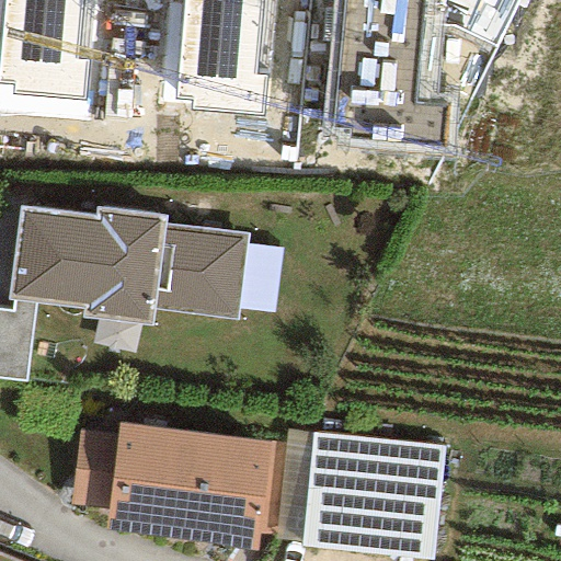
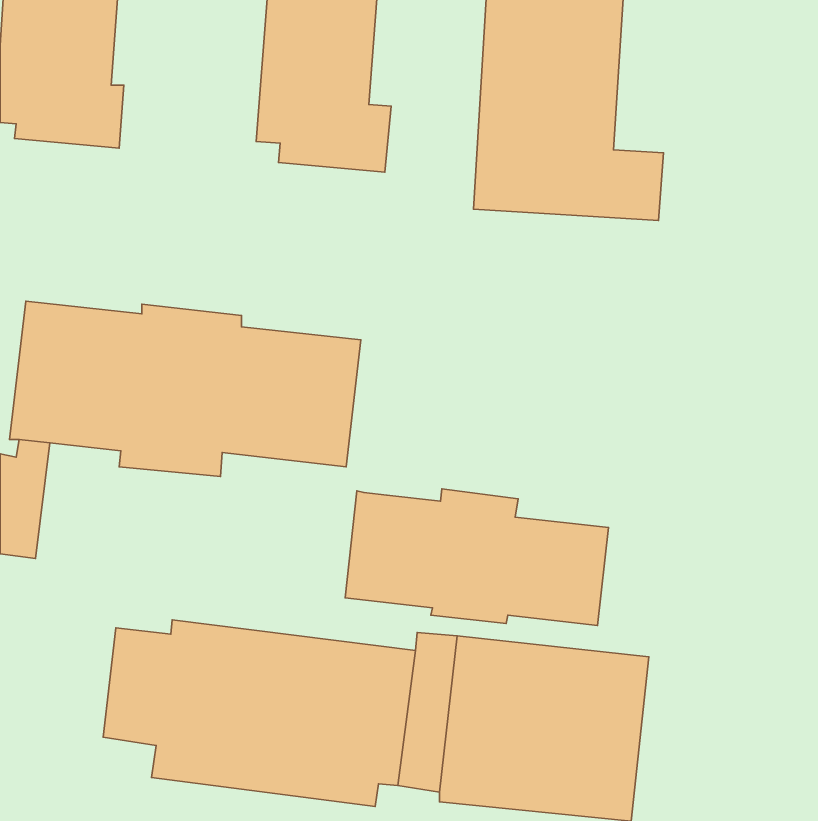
building: none -> [345,489,609,626]

